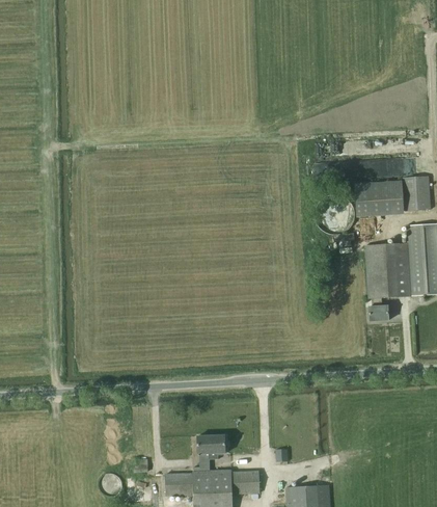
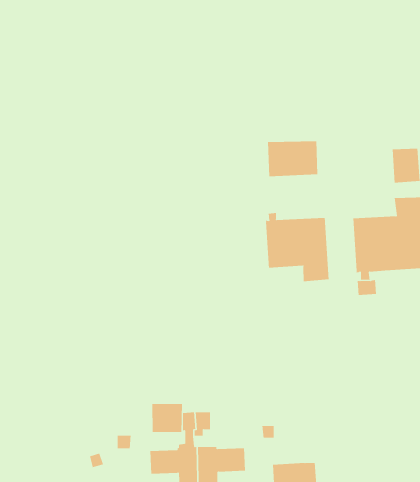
building: [351,181,401,216] -> [267,141,318,177]
building: none -> [265,212,329,282]
building: none -> [152,403,182,433]

